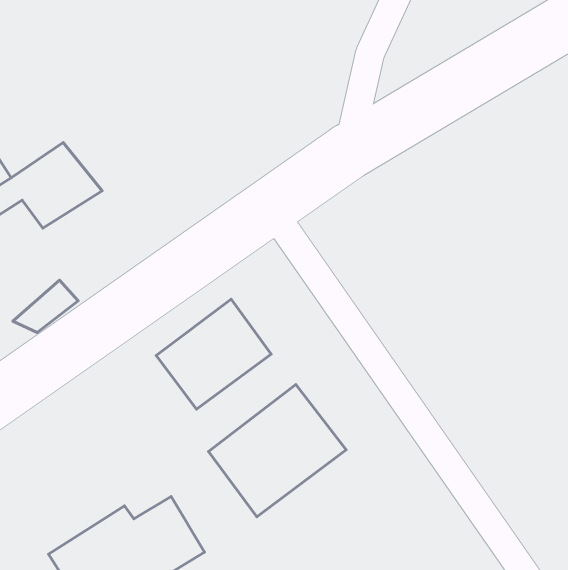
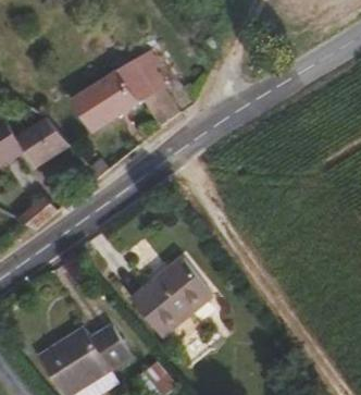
building: none -> [75,54,177,131]
building: [156,299,271,409] -> none

